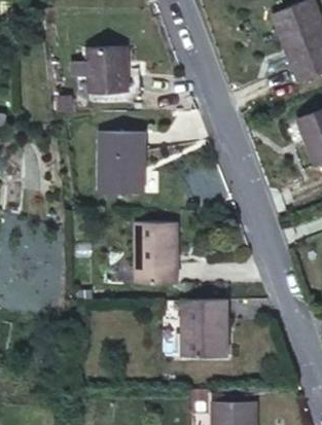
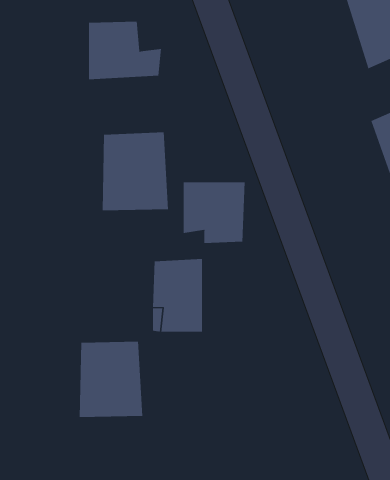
building: none -> [183,182,245,244]
building: [181,298,229,356] -> [79,341,143,417]

